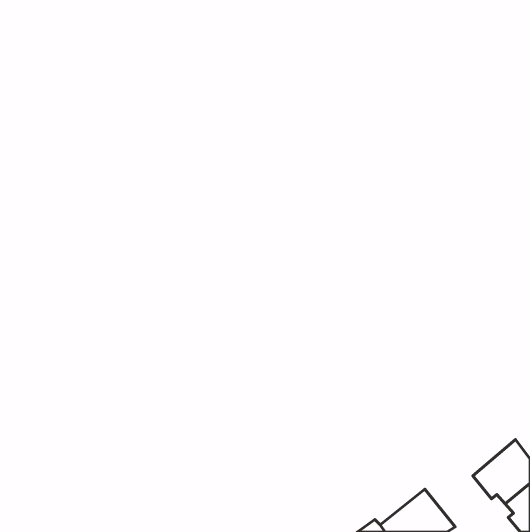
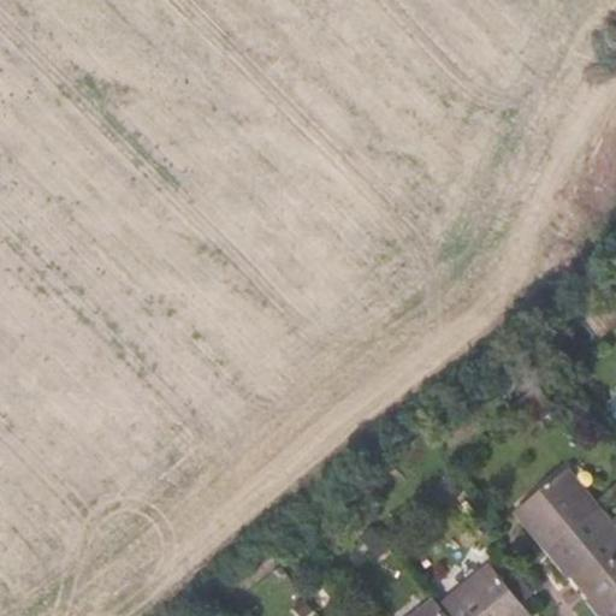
building: none -> [521,470,596,550]

